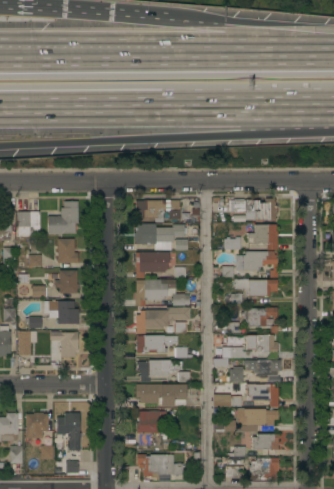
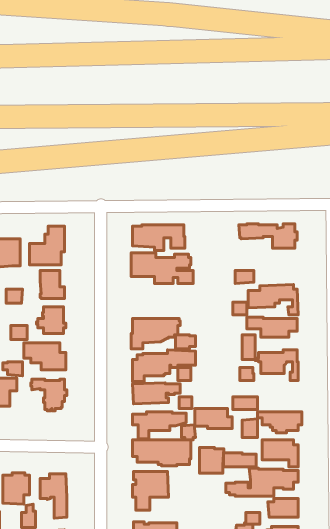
building: [248,225,278,250] -> none
building: [135,252,177,278] -> none
building: [246,335,278,352] -> [195,409,232,428]
building: none -> [199,448,224,473]

